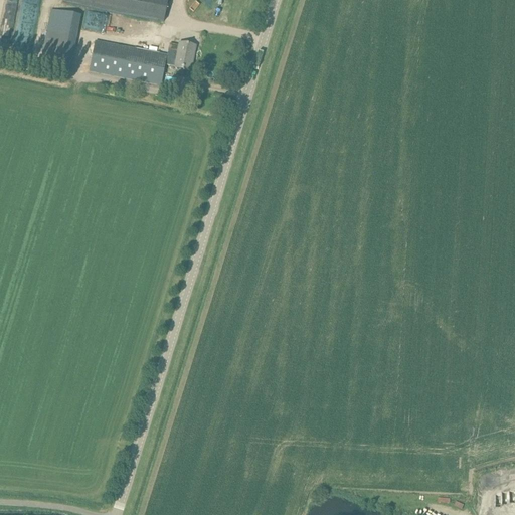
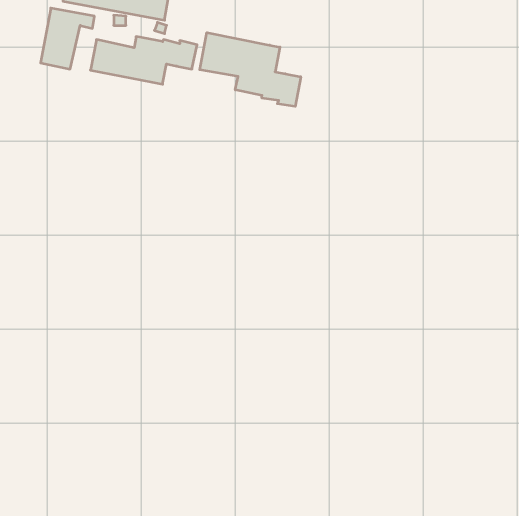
building: none -> [200,33,301,106]

